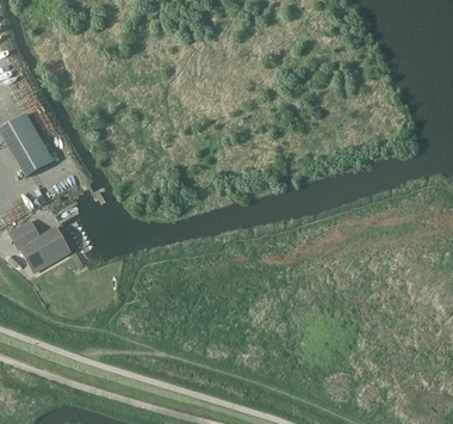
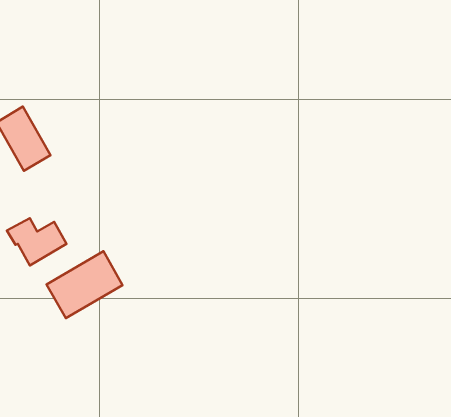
building: none -> [47,251,123,318]

